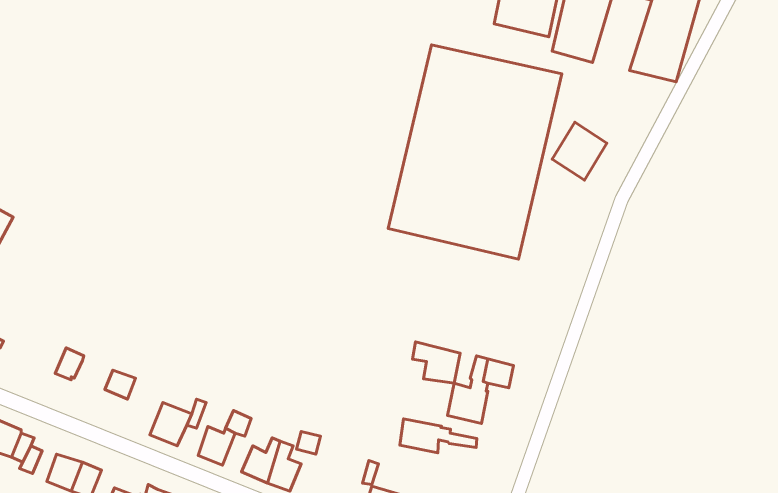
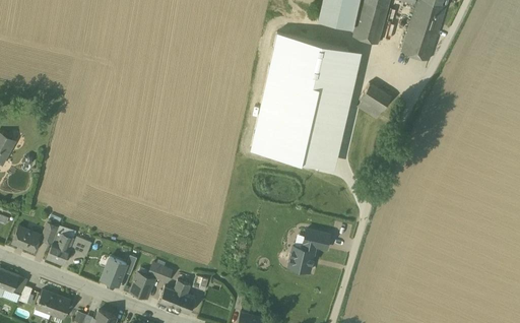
building: [412,342,460,383] -> none
building: none -> [11,227,41,253]
building: none -> [47,232,73,264]
building: [400,419,477,453] -> none

